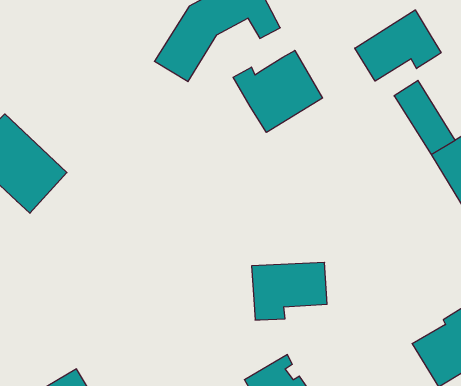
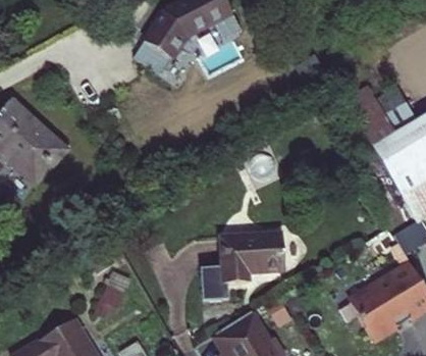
building: [355,10,441,81] -> none
building: [233,50,323,132] -> none
building: none -> [199,262,227,297]

